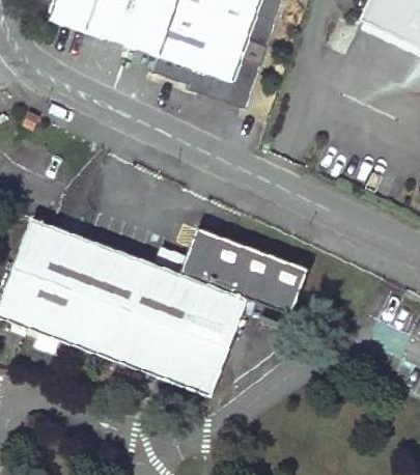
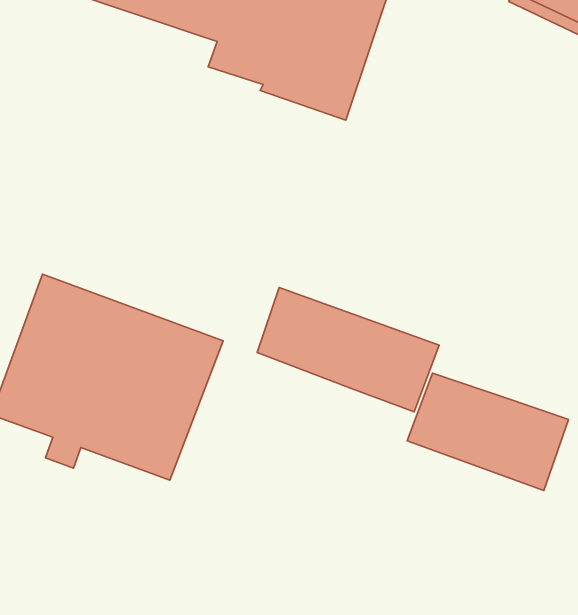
building: [120,263,247,395] -> none
building: none -> [407,373,568,490]

